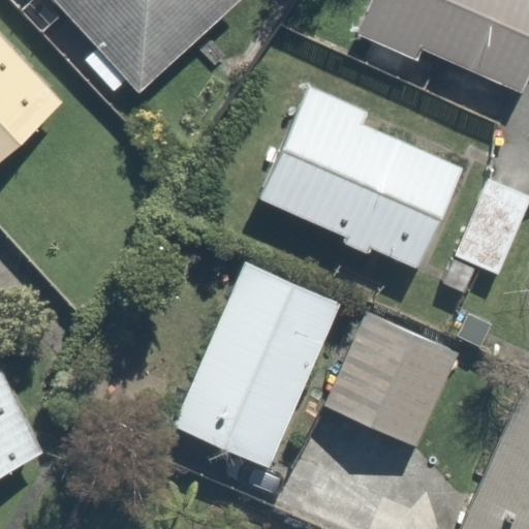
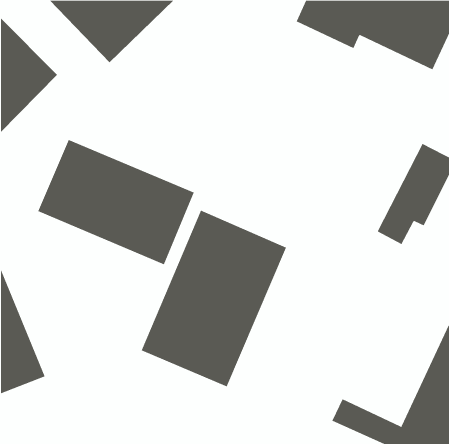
building: [257,91,463,270] -> none
building: none -> [38,139,194,265]
building: [328,314,465,453] -> none

